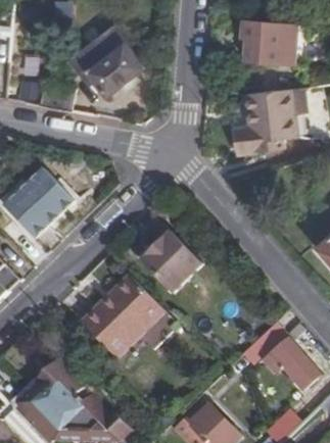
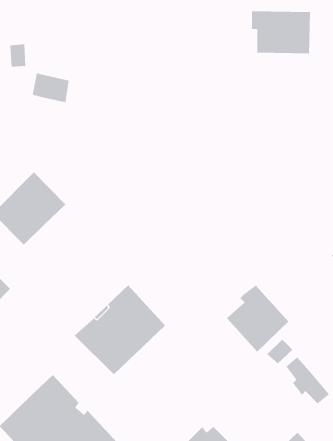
building: [69,23,145,94] -> none
building: [233,88,302,155] -> none
building: [147,228,205,290] -> [226,285,289,353]

